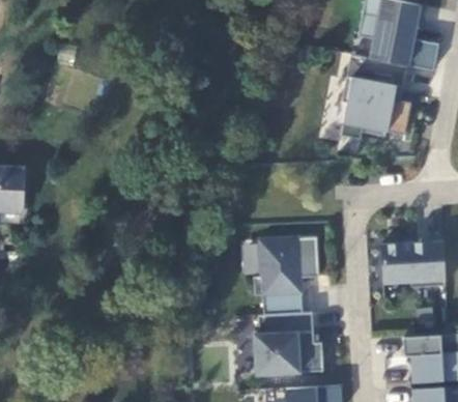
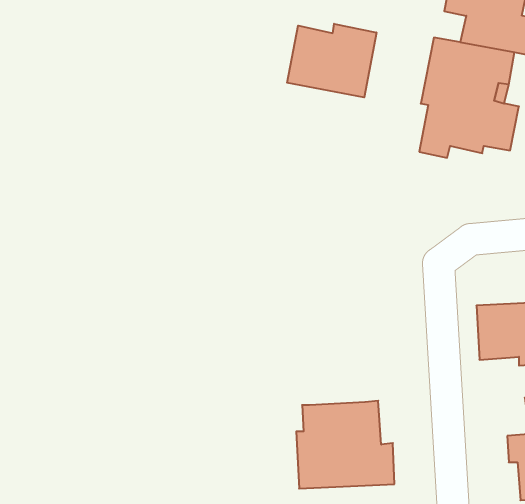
building: none -> [287,24,376,97]
building: [254,236,319,314] -> none

